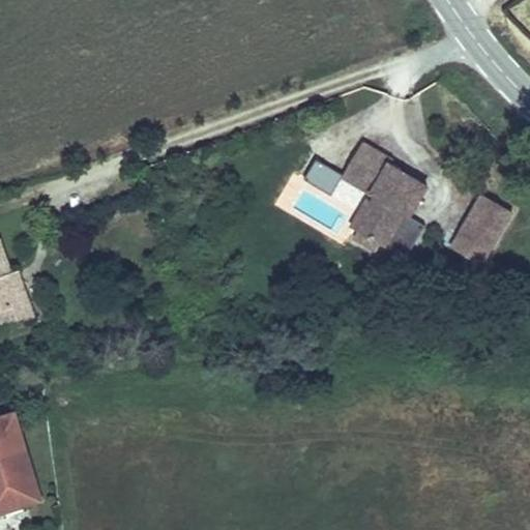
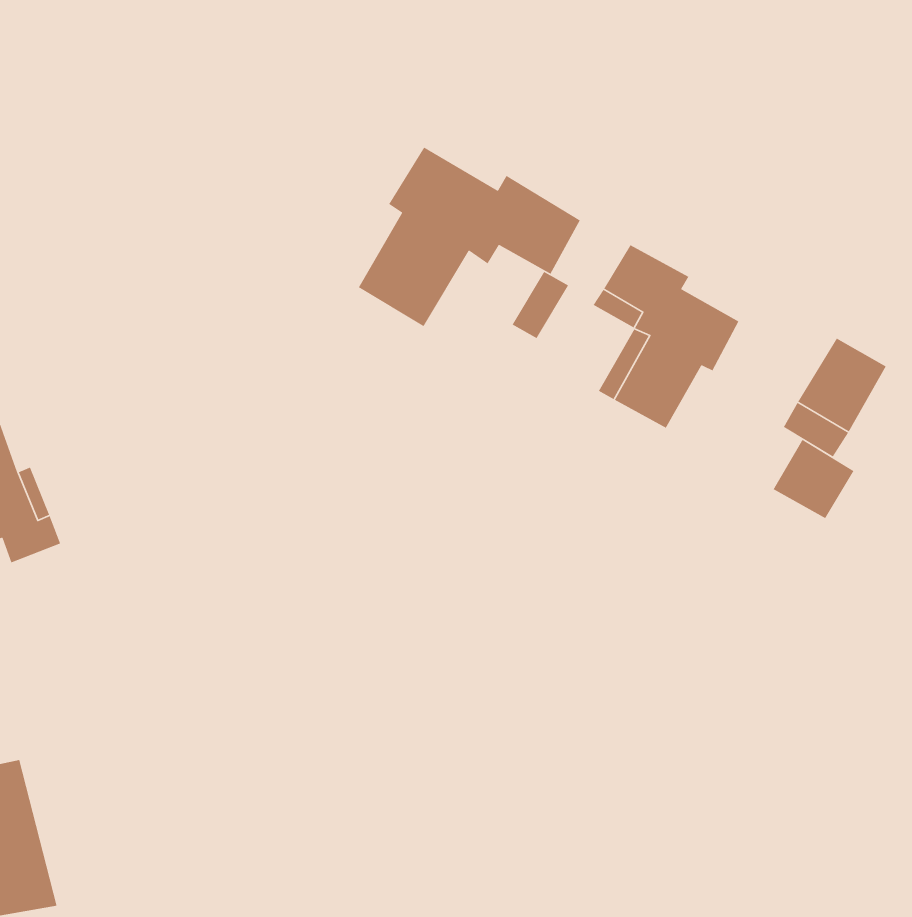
building: none -> [358,146,581,327]
building: none -> [772,439,855,519]

